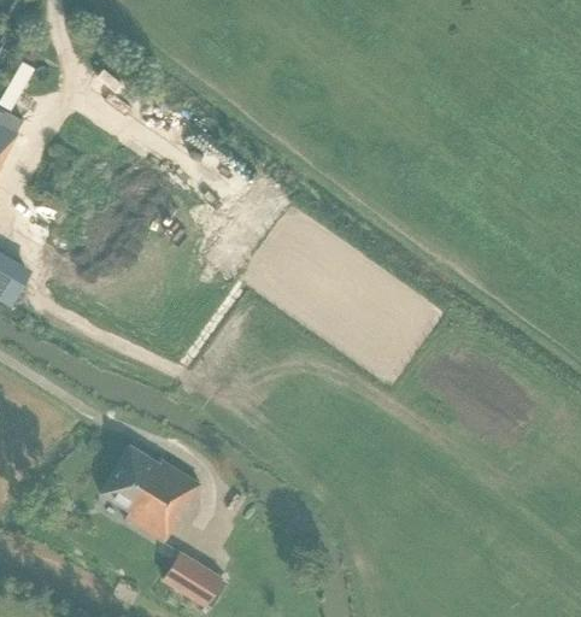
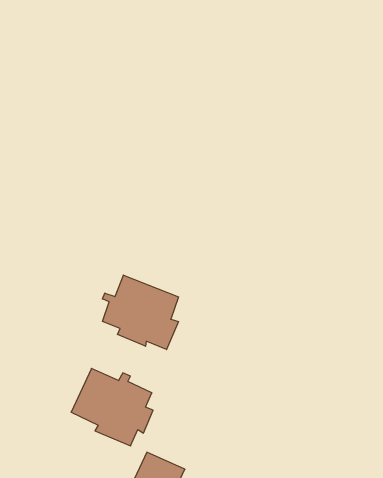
building: none -> [102,275,178,350]

